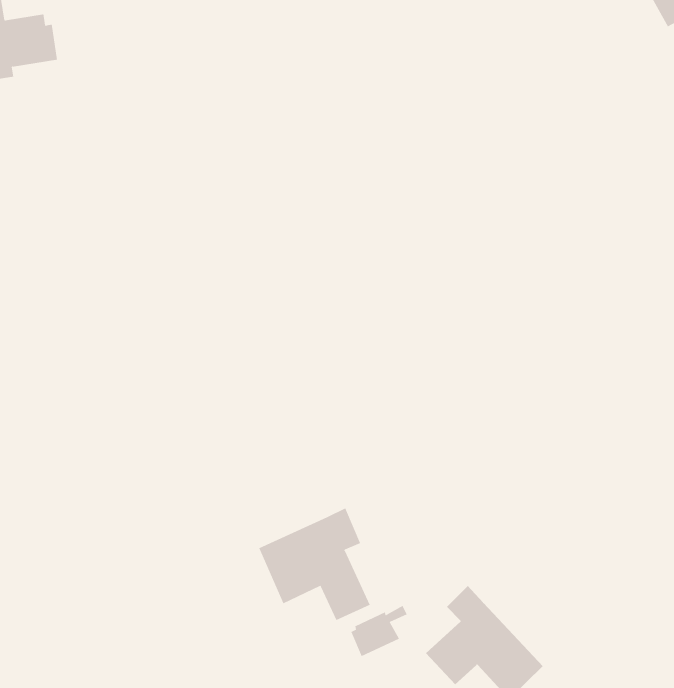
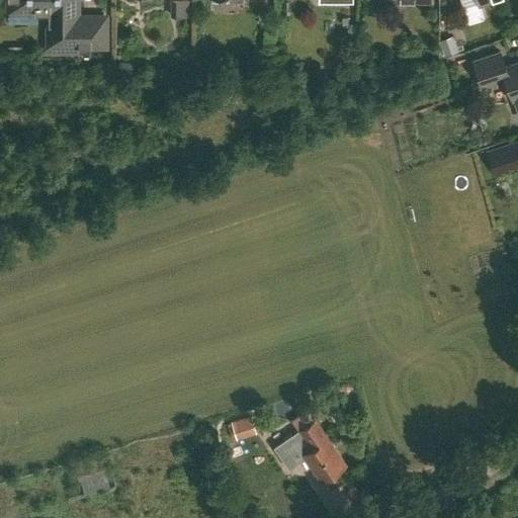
building: [258,508,371,621] -> none

